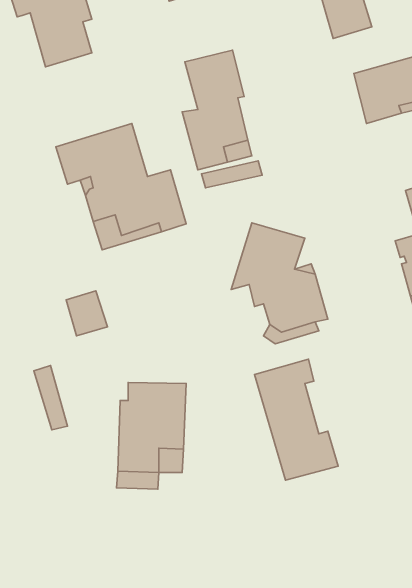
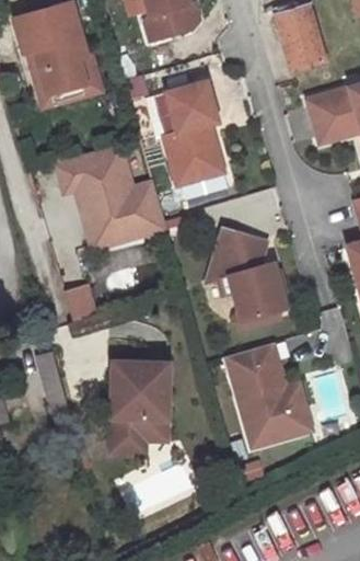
building: none -> [28,49,103,107]
building: none -> [268,363,311,435]

